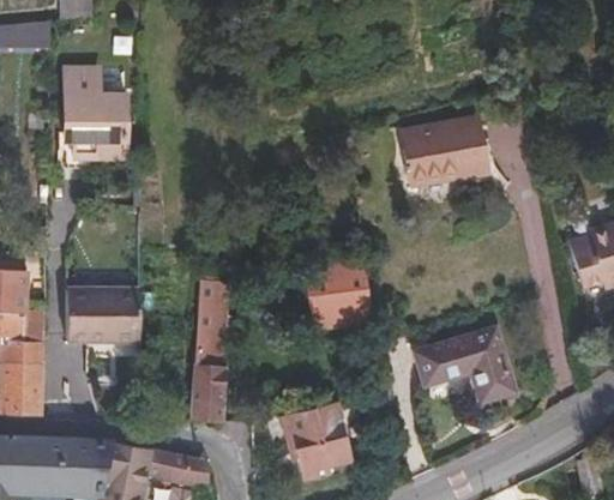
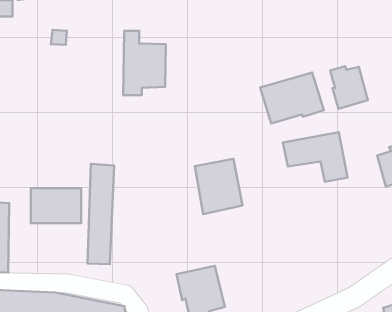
building: [61,77,122,169] -> [123,31,166,95]
building: none -> [330,66,368,109]
building: [193,276,231,420] -> [87,164,114,264]
building: [417,333,510,404] -> [283,132,347,182]

